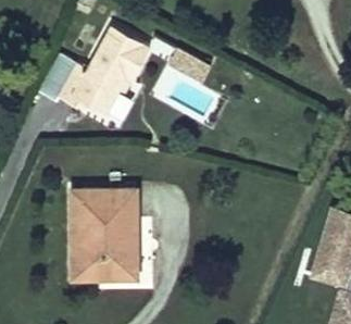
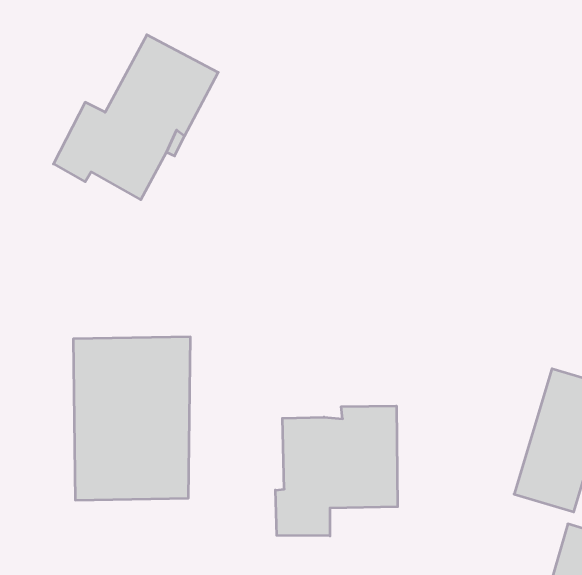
building: none -> [275,406,398,536]

